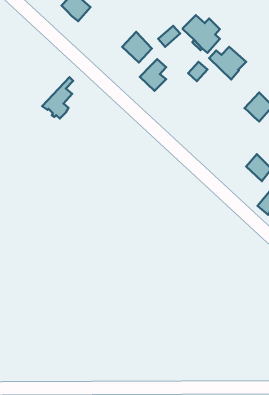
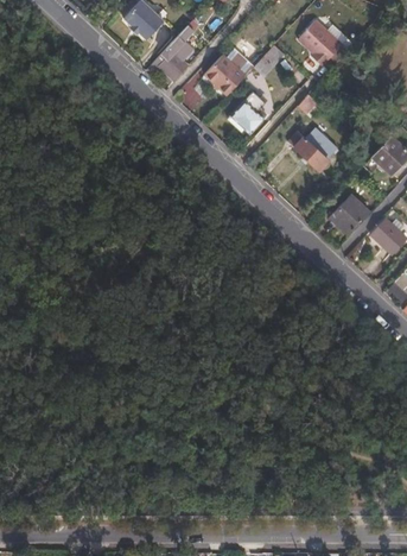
building: [209,47,246,79] -> [288,127,338,171]
building: [42,77,73,119] -> [151,25,192,81]
building: none -> [331,196,369,234]

